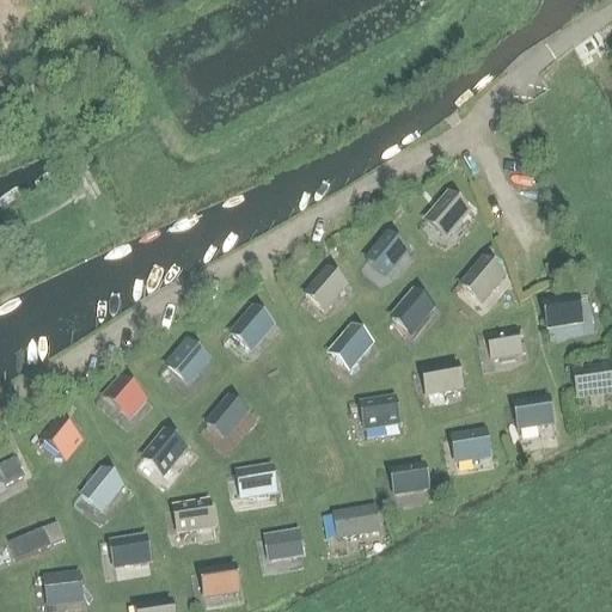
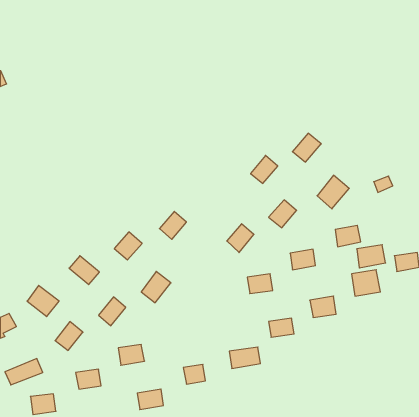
building: [306,269,345,310] -> none
building: [543,296,585,330] -> [357,245,386,268]
building: [238,466,275,496] -> none

